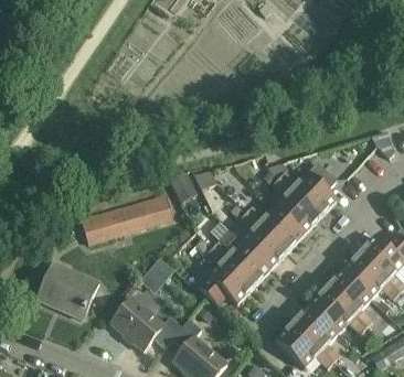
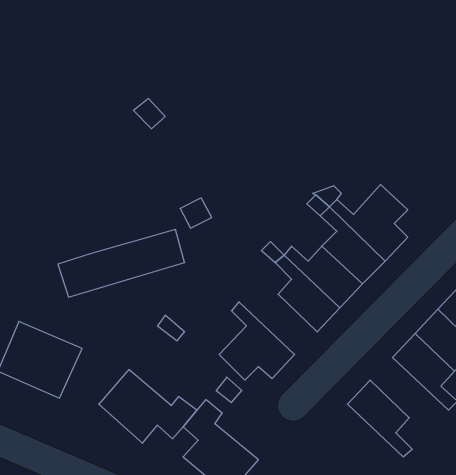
building: [213,229,270,286] -> none
building: [309,288,366,333] -> none
building: [276,322,333,367] -> none

